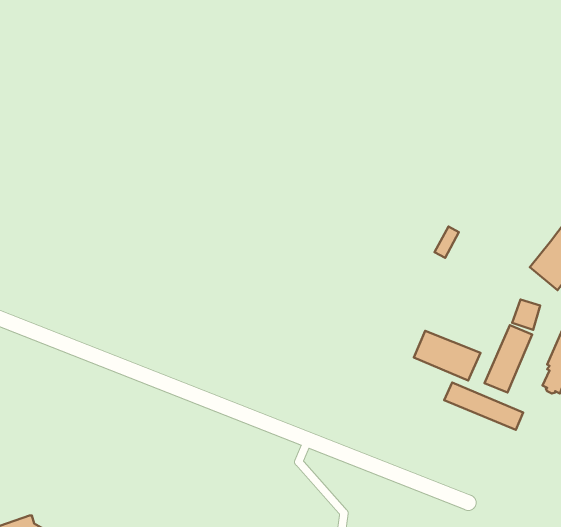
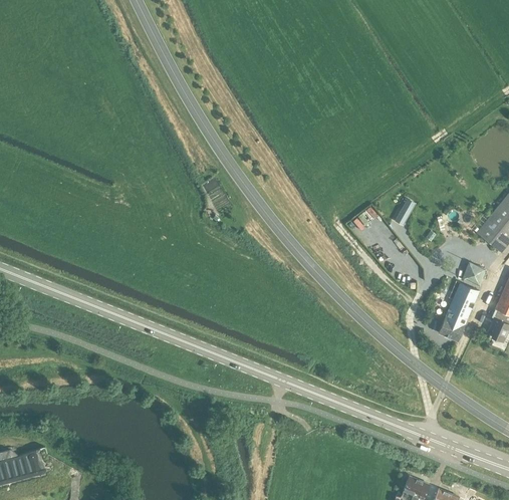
building: [414,331,480,380] -> none
building: [444,382,523,430] -> none

